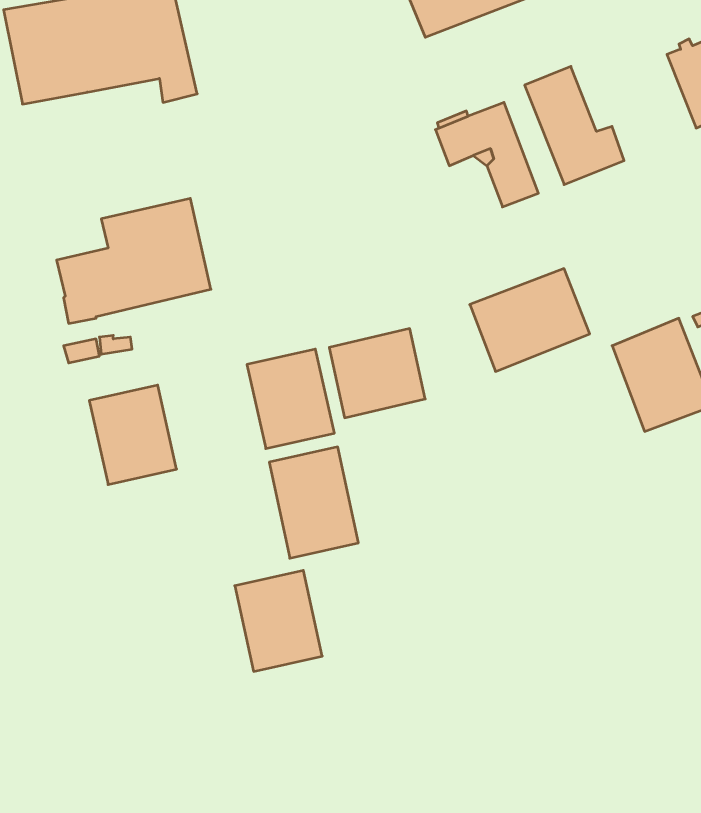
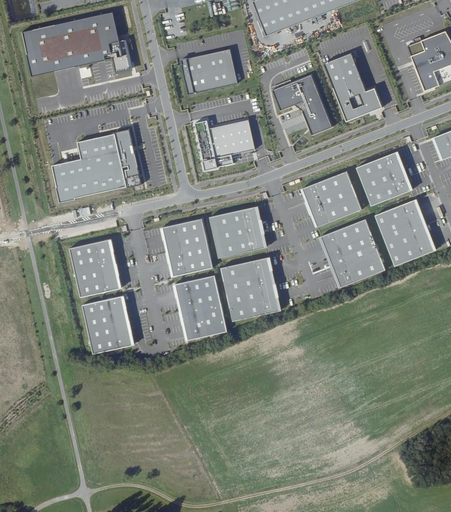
building: none -> [181,48,238,94]
building: none -> [195,119,255,169]
building: none -> [356,151,411,205]
building: none -> [311,218,386,290]
building: none -> [221,256,280,320]
building: [235,570,322,671] -> [82,294,133,353]

